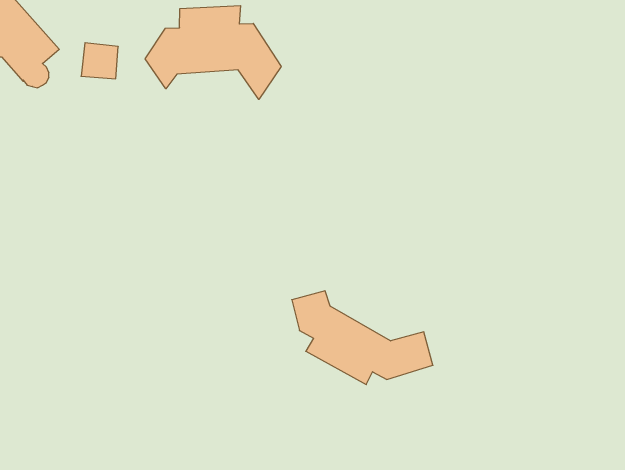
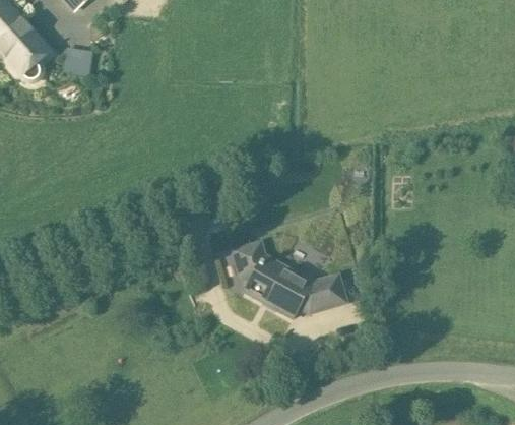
building: [145,6,281,99] -> none

